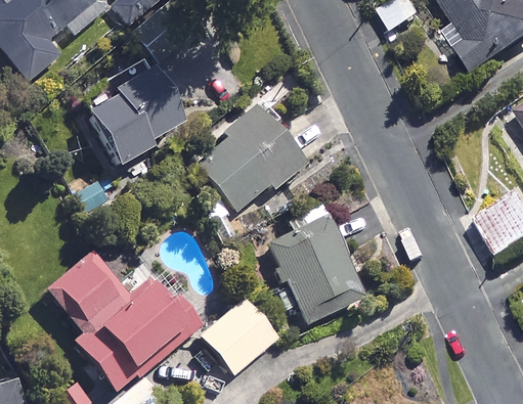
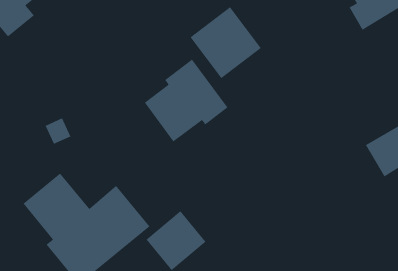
building: none -> [189,6,262,79]
building: [90,76,186,169] -> none
building: [269,204,362,322] -> none

